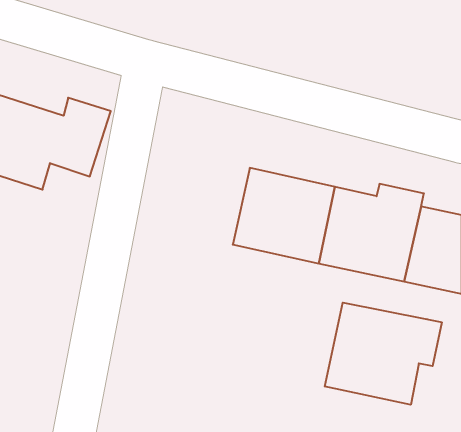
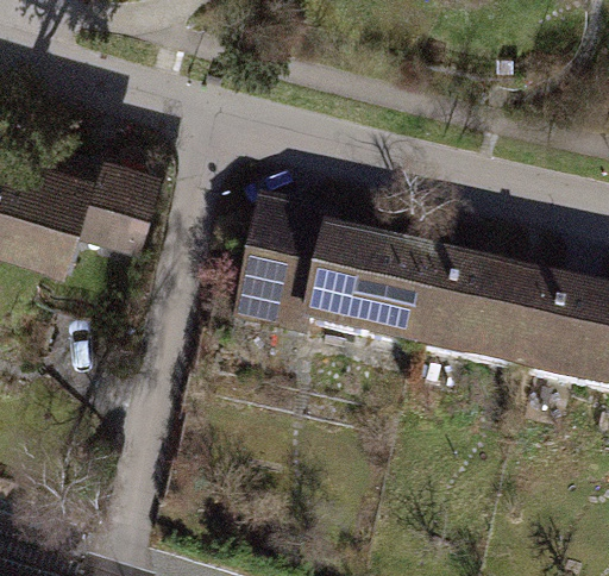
building: none -> [240,184,349,327]
building: [325,303,442,405] -> none

